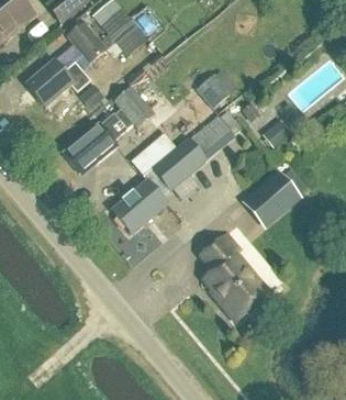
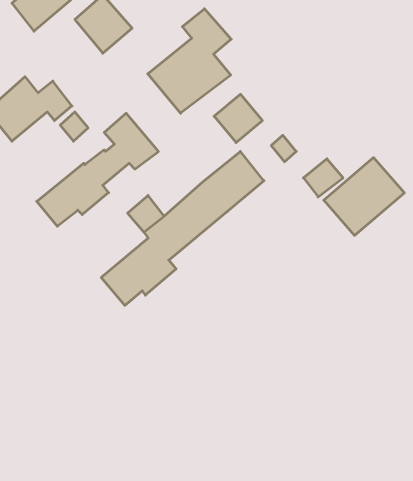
building: none -> [148,9,231,113]
building: [67,20,107,62] -> none
building: [239,171,300,230] -> [324,158,404,235]
building: [202,232,264,320] -> none

